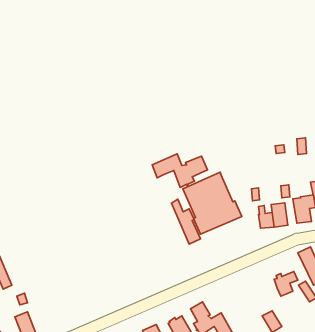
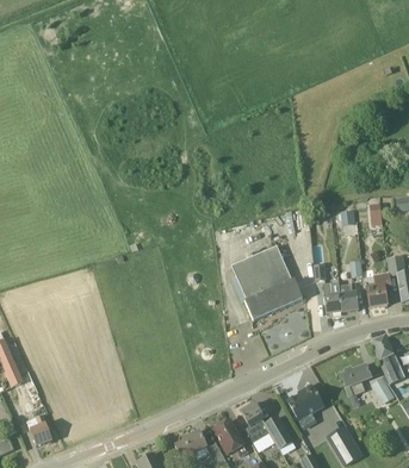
building: [152,154,207,187] -> none
building: [171,199,201,244] -> none
building: none -> [289,387,324,420]

